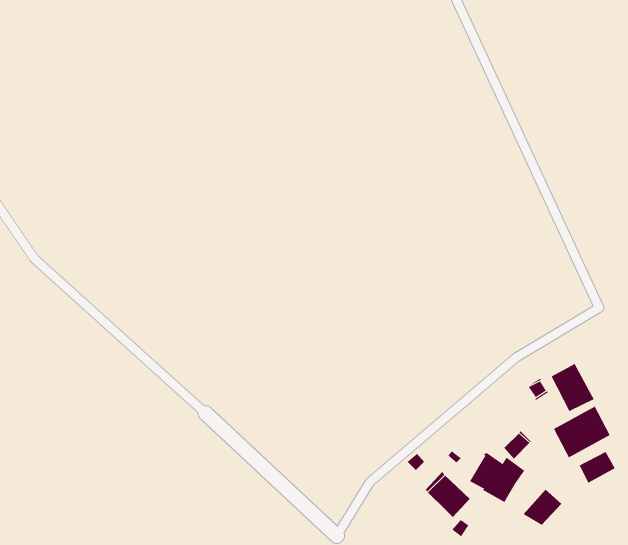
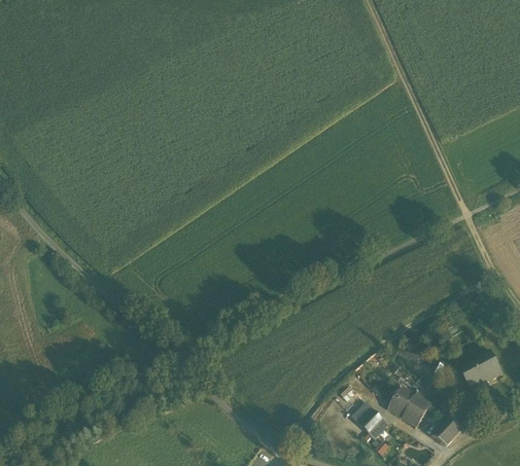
building: [551,363,594,412] -> none
building: [579,451,615,484] -> none

